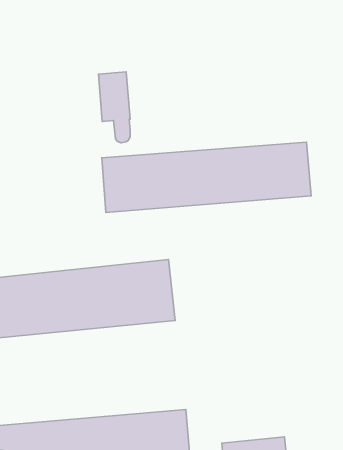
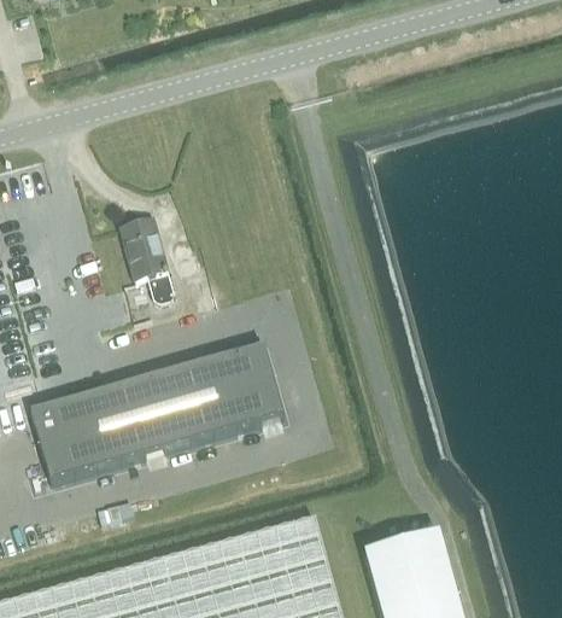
building: [98,72,130,143] -> [119,217,170,303]
building: [102,142,311,213] -> none

